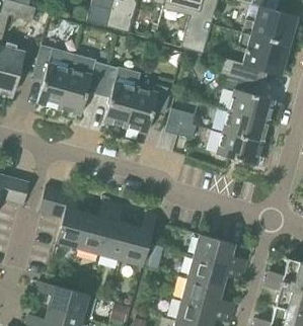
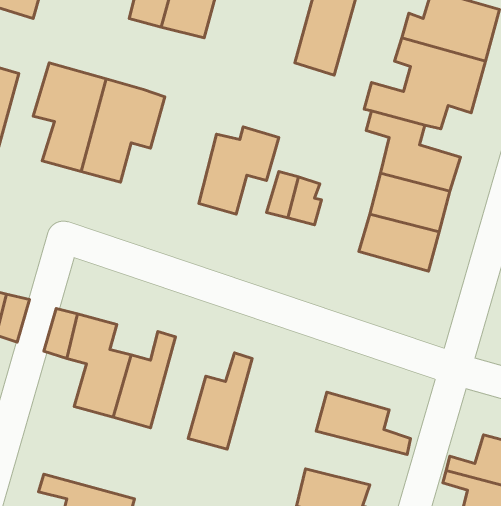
building: [99,66,141,127] -> none
building: [99,202,131,260] -> none
building: [187,256,245,287] -> none

